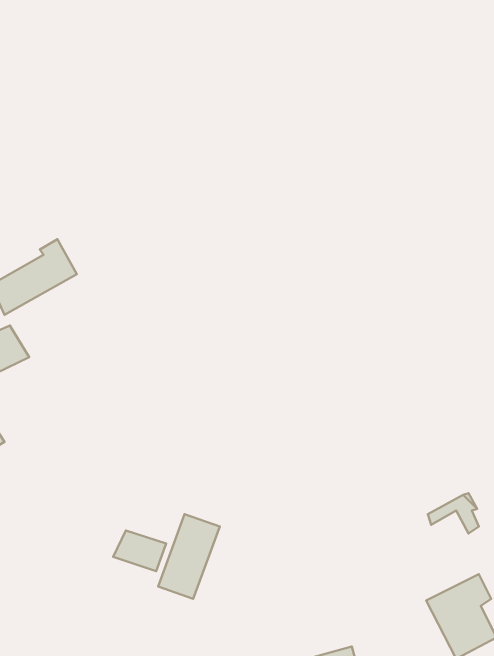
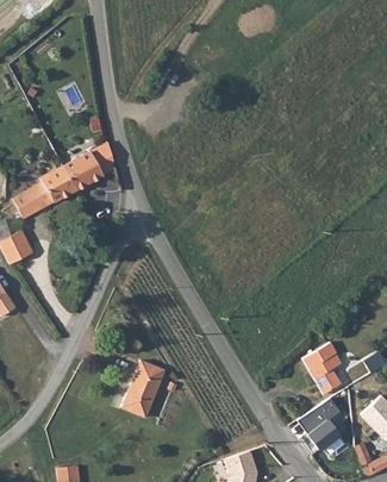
building: none -> [52,142,117,195]
building: none -> [305,355,339,395]
building: [113,531,166,571] -> none

